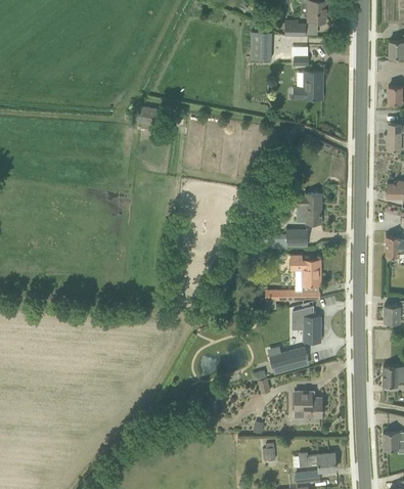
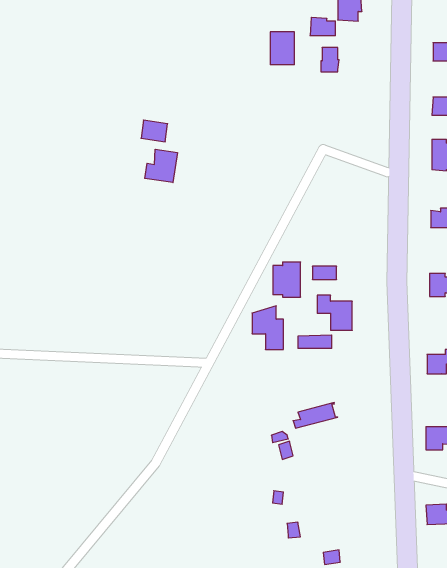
building: [294,71,322,98] -> none
building: none -> [145,149,177,183]
building: [298,193,321,223] -> [273,262,301,297]
building: [294,305,320,342] -> [252,306,283,349]
building: [294,391,320,416] -> none
building: [299,451,335,471] -> none

